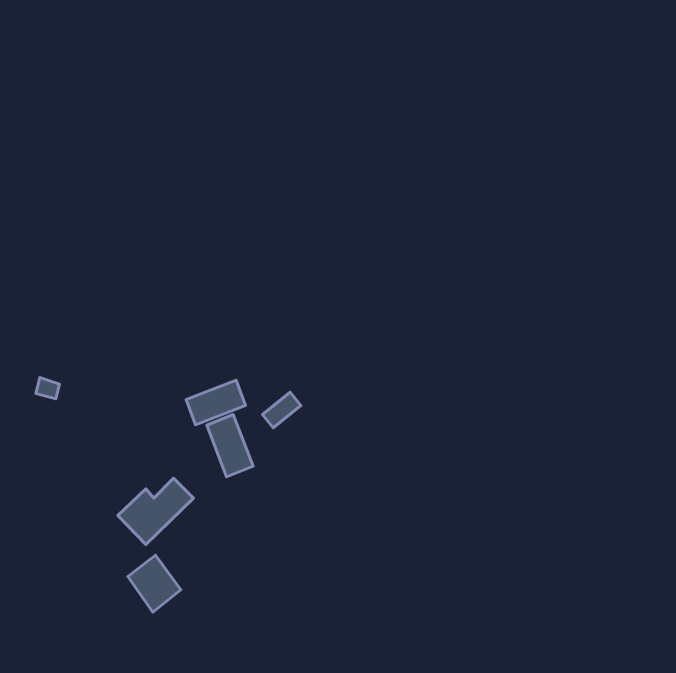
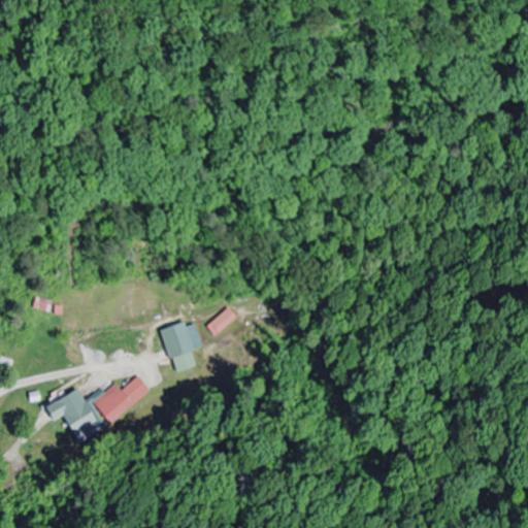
building: [186,380,246,425] -> none
building: [128,555,181,612] -> [58,393,99,437]

